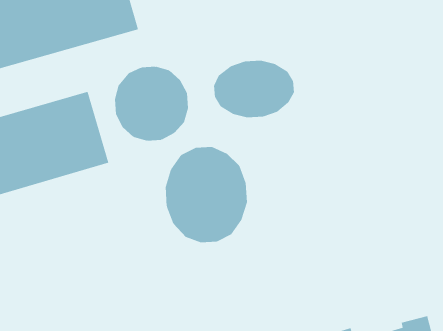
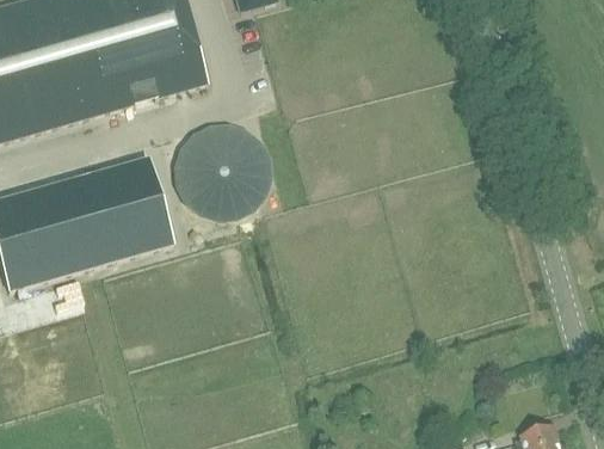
building: [214,60,294,118] -> none
building: [165,146,248,243] -> none

